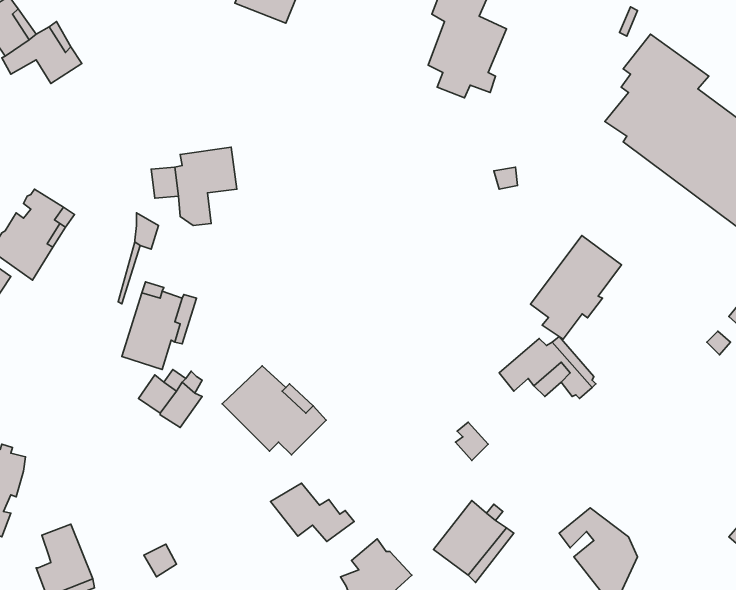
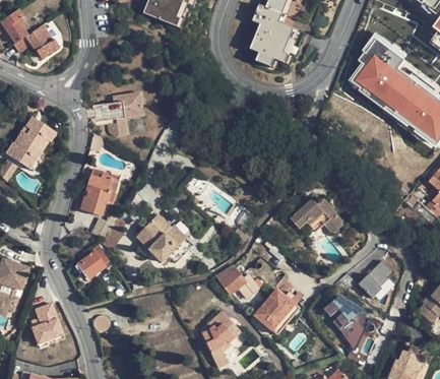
building: [531,235,622,339] -> none
building: none -> [78,248,113,279]
building: none -> [359,262,390,299]
building: [270,483,354,541] -> [215,265,262,298]

